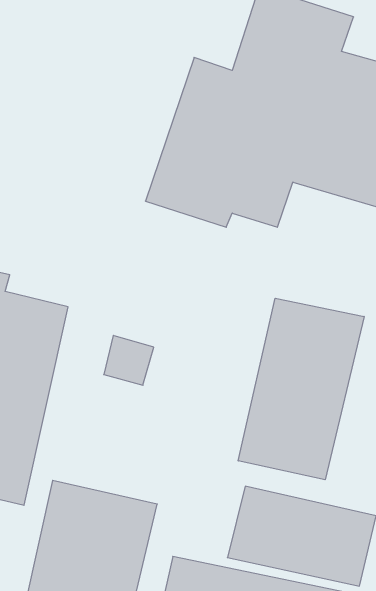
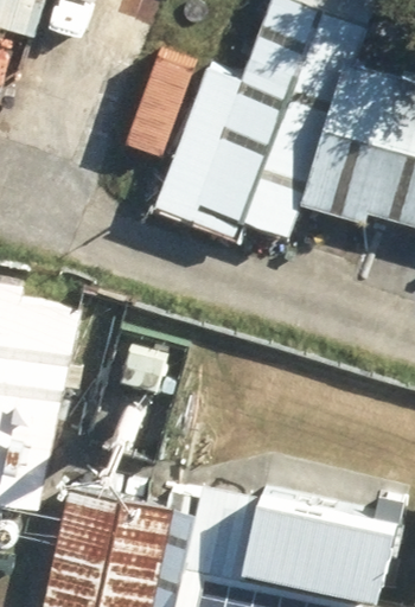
building: [238,298,364,480] -> none

